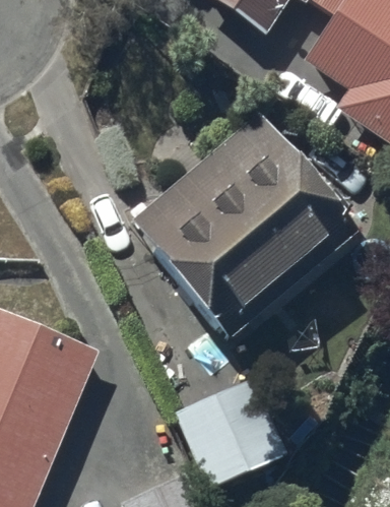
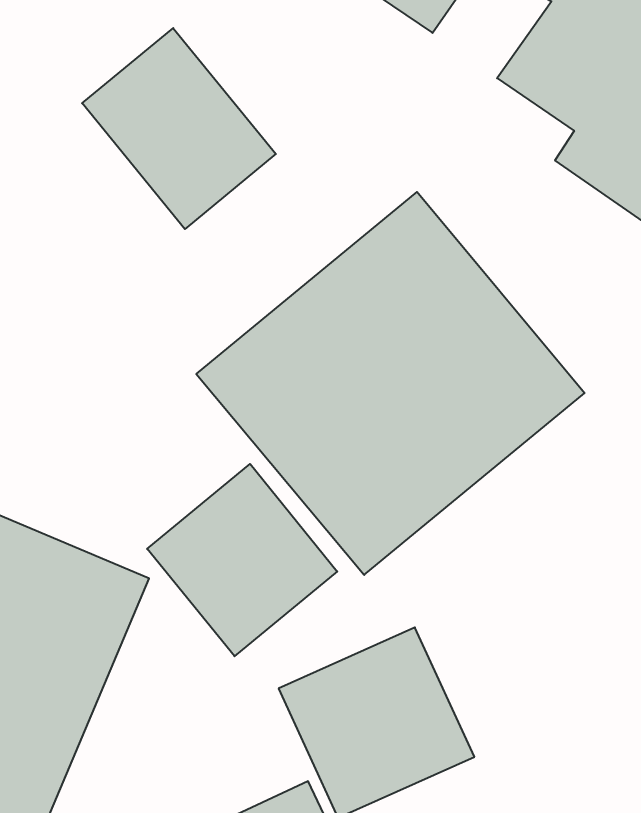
building: none -> [82,28,276,229]
building: none -> [147,464,337,656]

